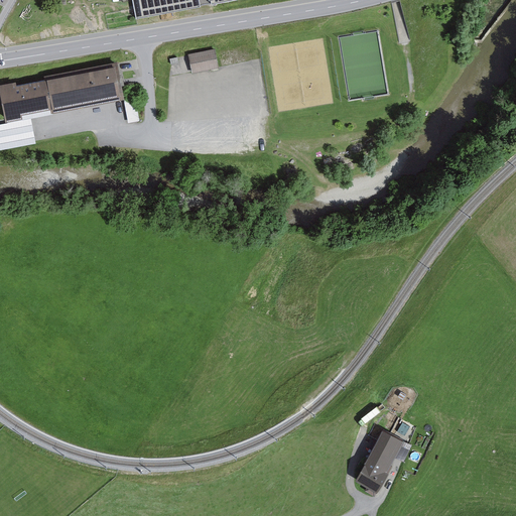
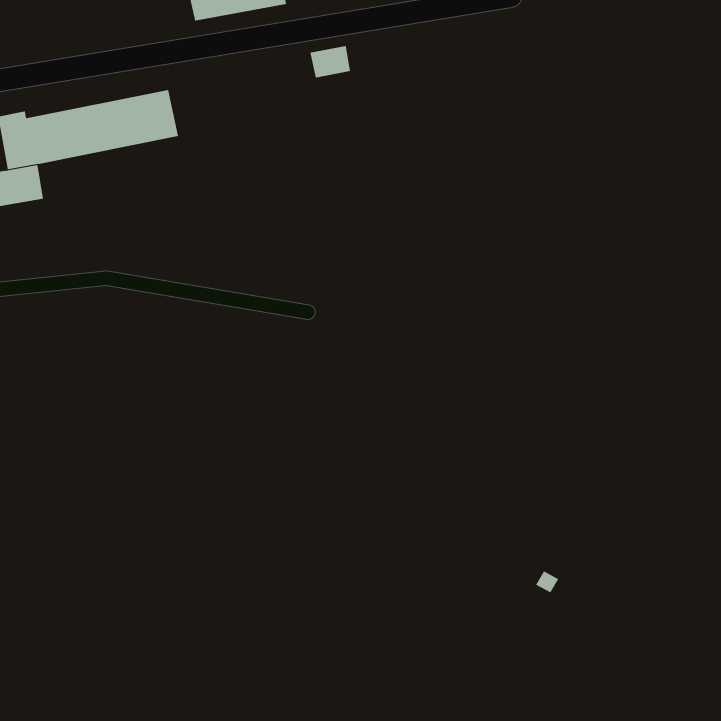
building: [188,47,218,71] -> [310,46,351,78]
building: [350,424,409,490] -> none

